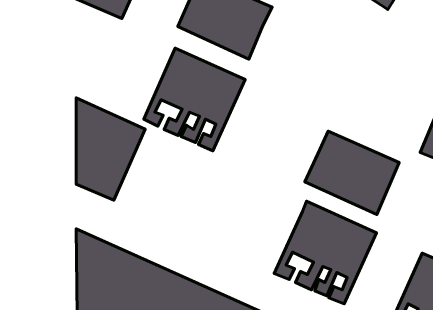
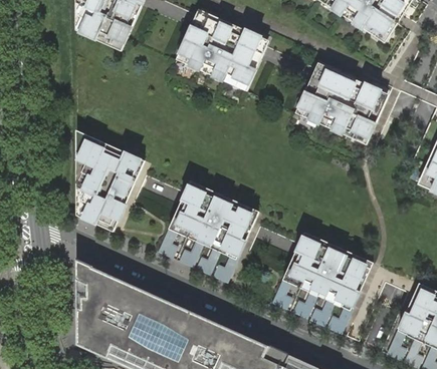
building: [144,48,245,151] -> [159,180,259,282]
building: [305,131,399,214] -> [295,62,389,144]

